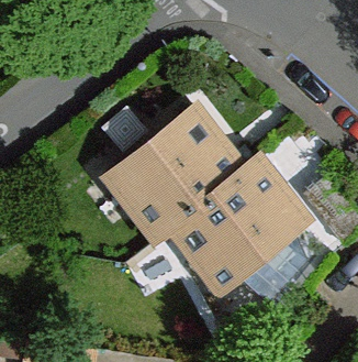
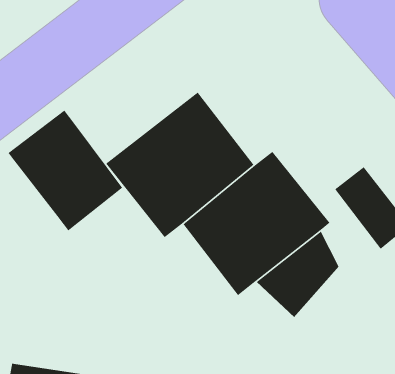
building: none -> [8,110,123,232]

